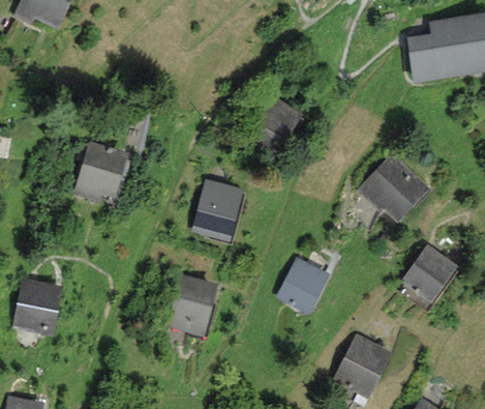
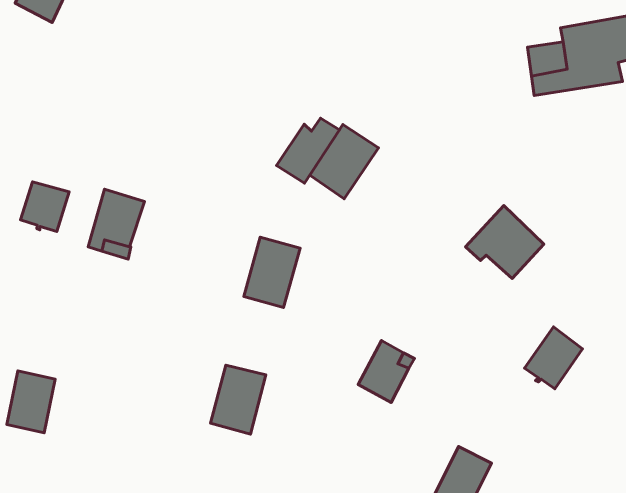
building: none -> [277,118,339,183]
building: none -> [20,182,69,232]

